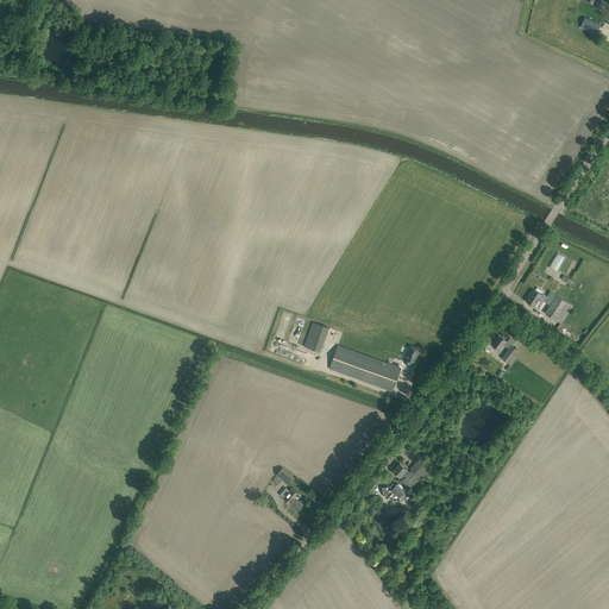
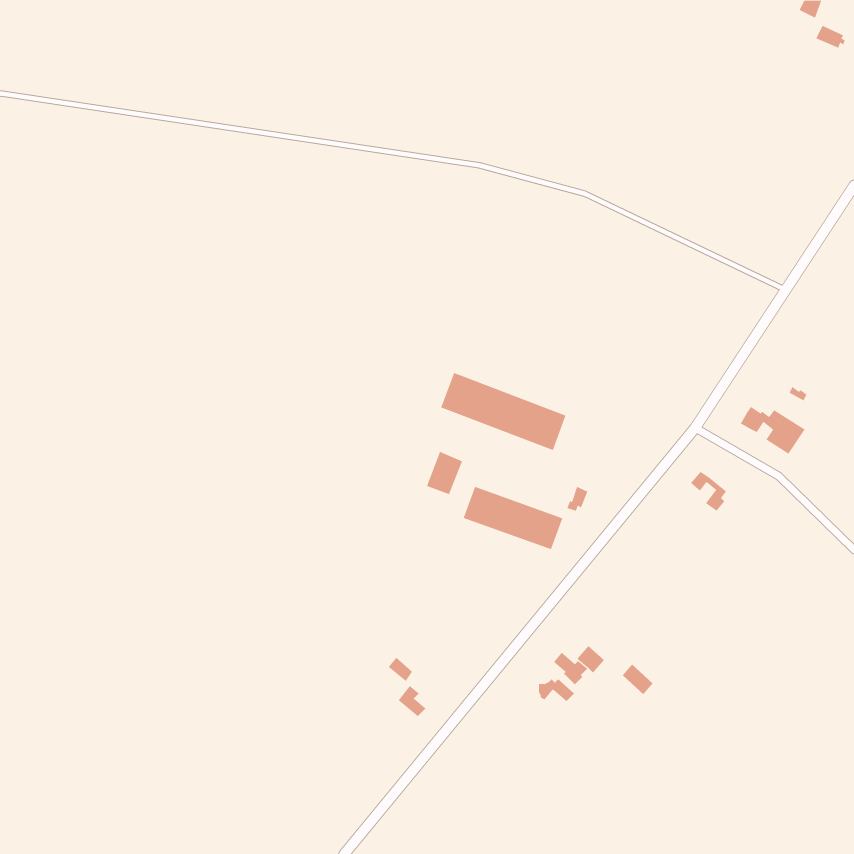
building: none -> [441,372,566,451]

